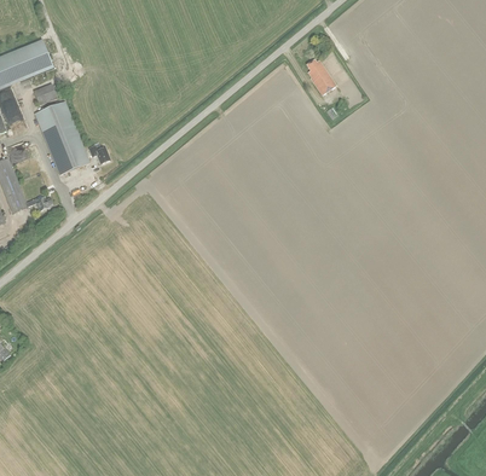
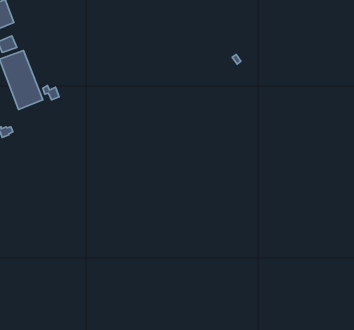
building: [305,57,335,93] -> none

